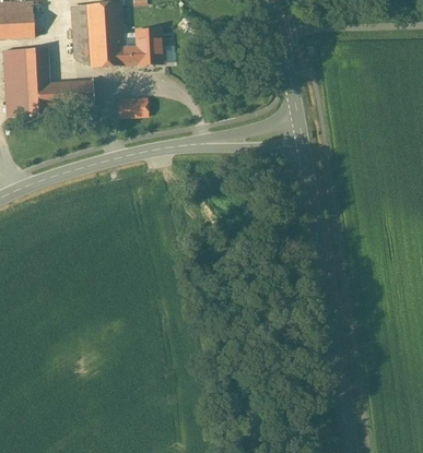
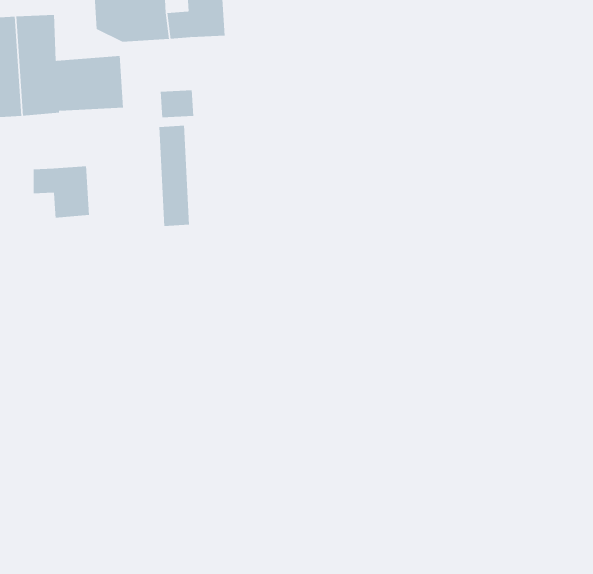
building: none -> [159,125,189,227]
building: none -> [33,165,89,218]

